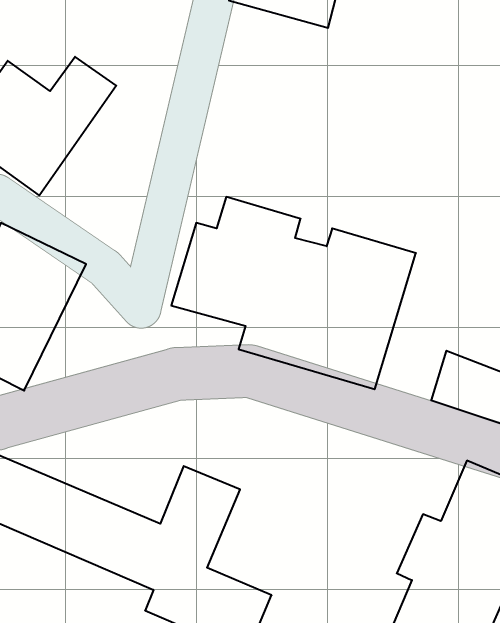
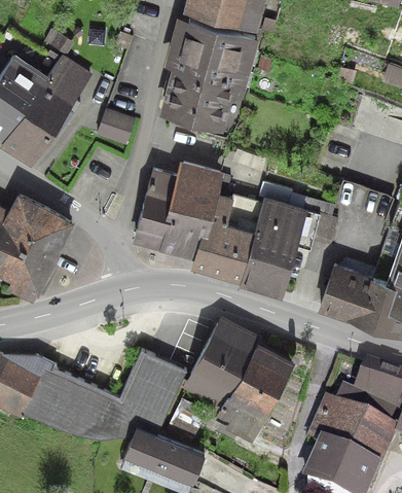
building: none -> [154,21,254,127]
building: none -> [98,107,136,144]
building: none -> [196,324,293,443]

